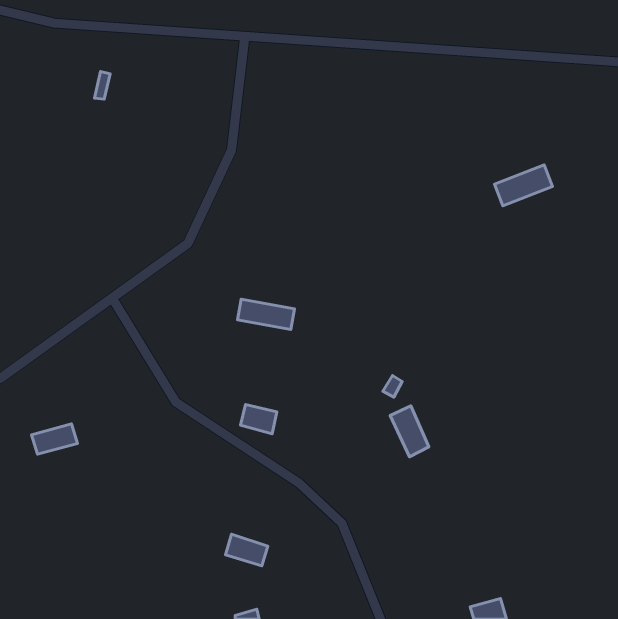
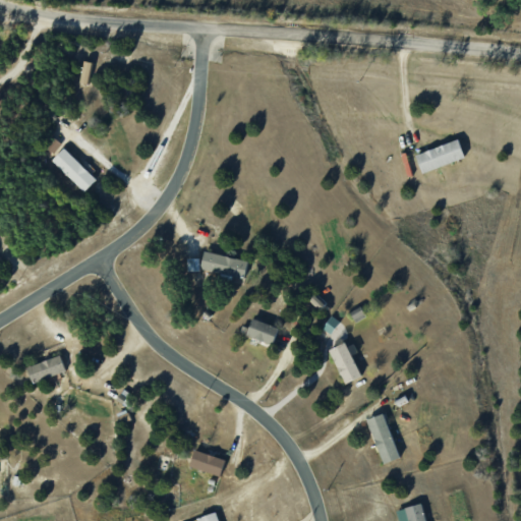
building: none -> [52,148,96,191]
building: [240,405,277,434] -> [246,319,277,343]
building: none -> [366,413,399,463]

